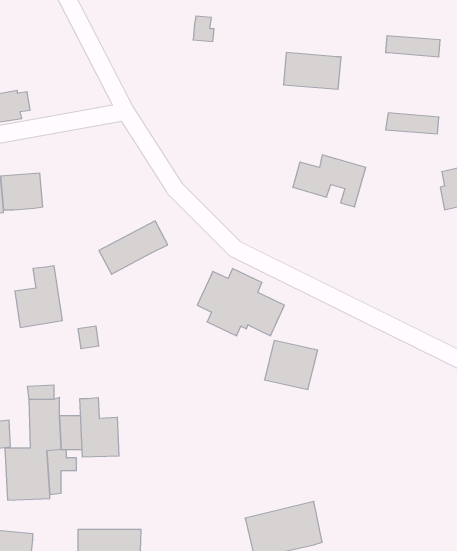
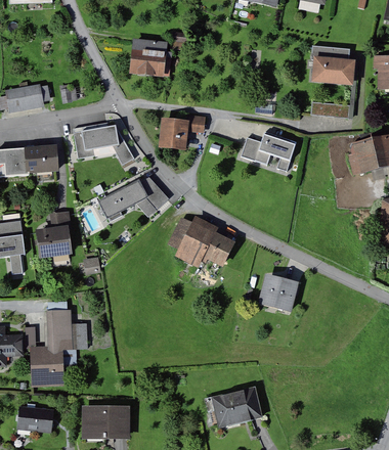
building: none -> [129,40,170,75]
building: [283,53,341,89] -> [309,58,351,85]
building: none -> [157,116,203,150]
building: none -> [73,123,136,165]
building: none -> [138,177,170,217]
building: [264,341,318,390] -> [260,274,299,310]
building: [80,397,119,457] -> none

